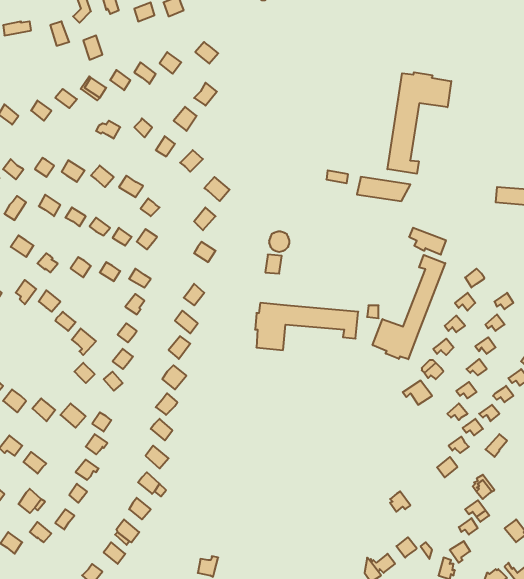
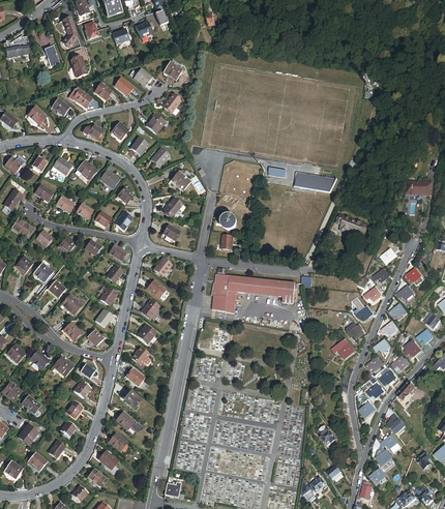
building: [387,72,451,174] -> none
building: [373,255,445,359] -> none

